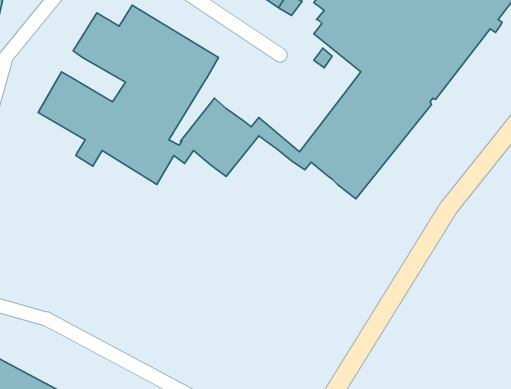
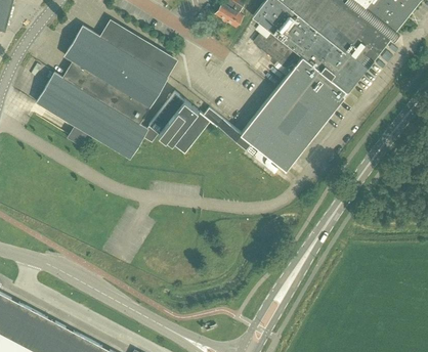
building: none -> [62,60,105,95]

